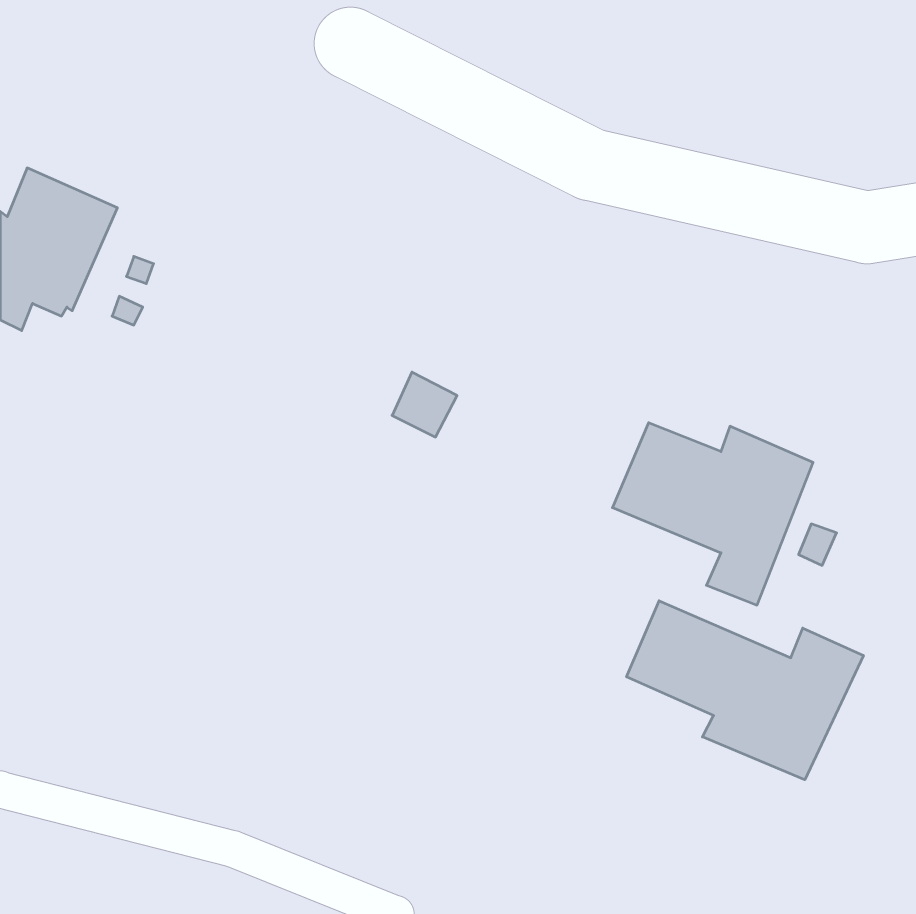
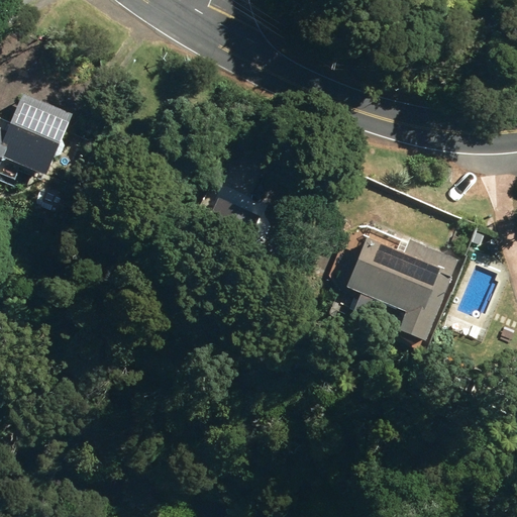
building: [627,601,863,780] -> none

